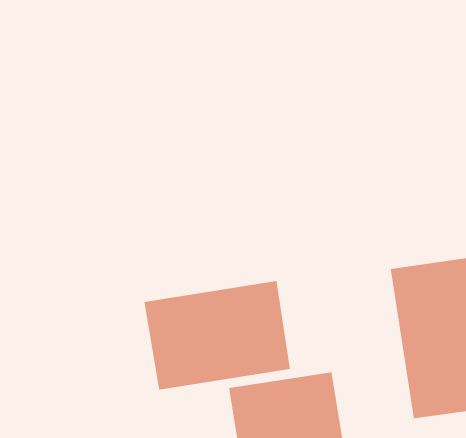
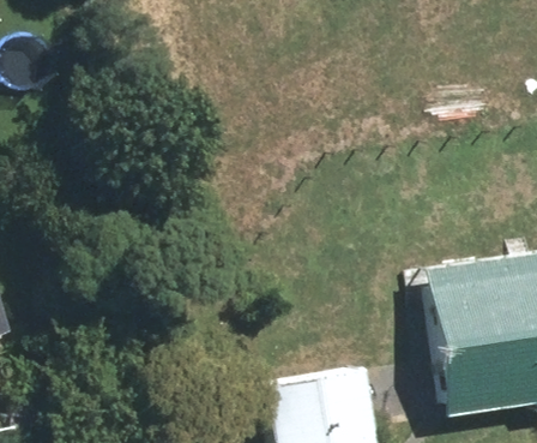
building: [144,280,291,391] -> none

